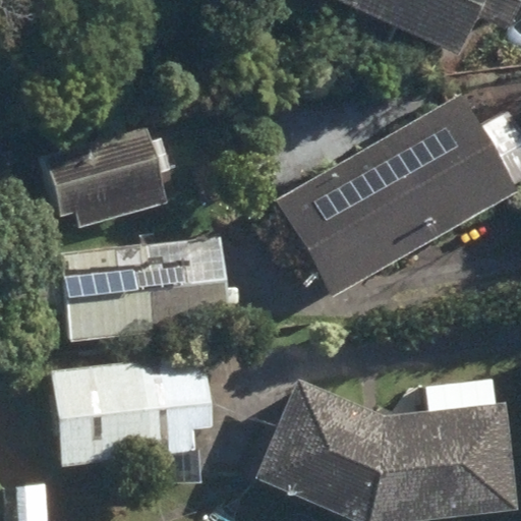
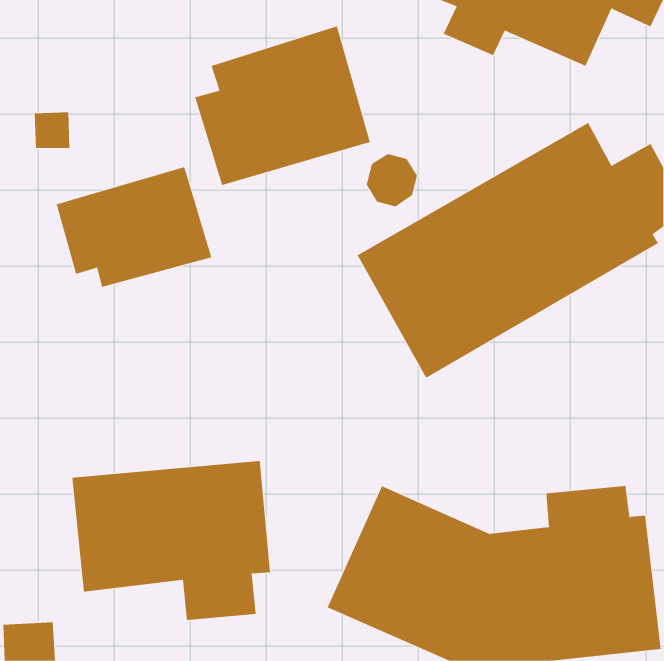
building: none -> [195,26,371,186]
building: [7,238,228,340] -> none

